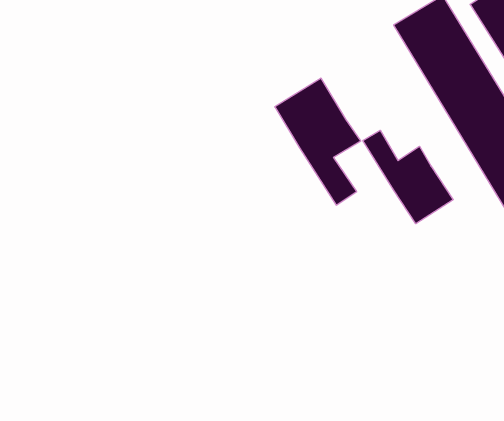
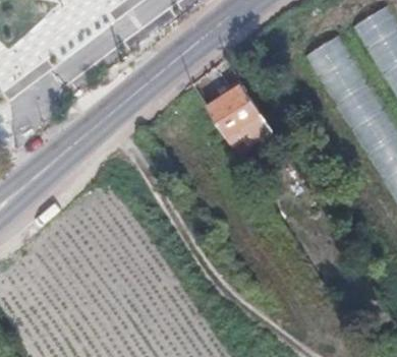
building: [363,130,453,224] -> none

